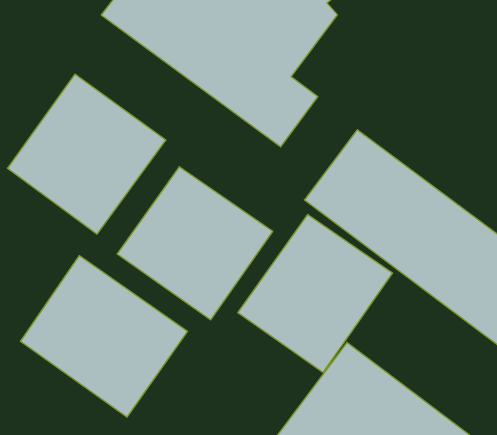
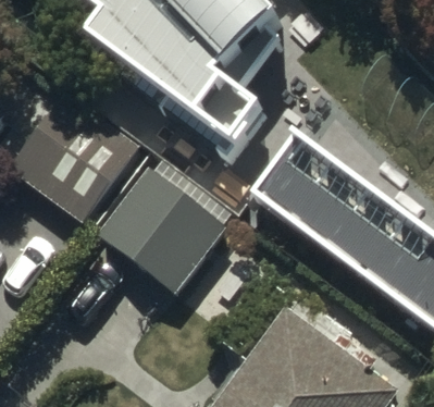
building: [238,214,393,372] -> none
building: [20,256,187,417] -> none

